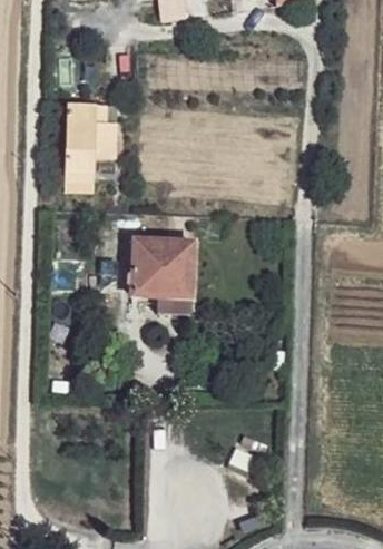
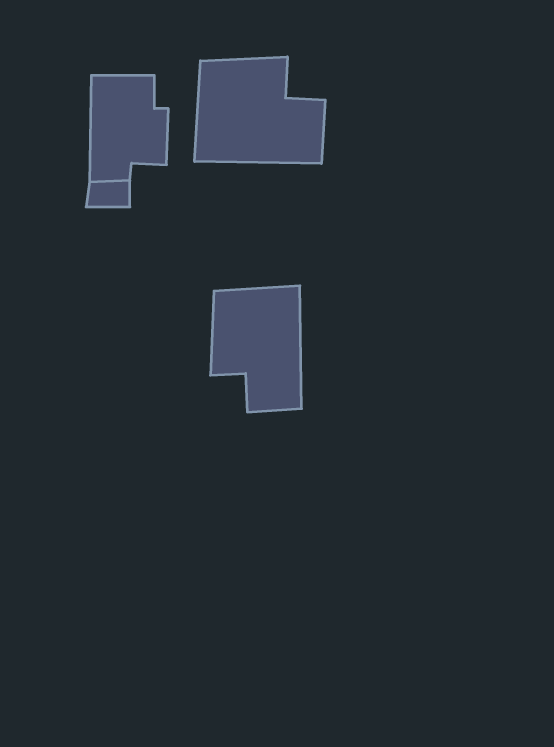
building: none -> [195,57,325,164]

